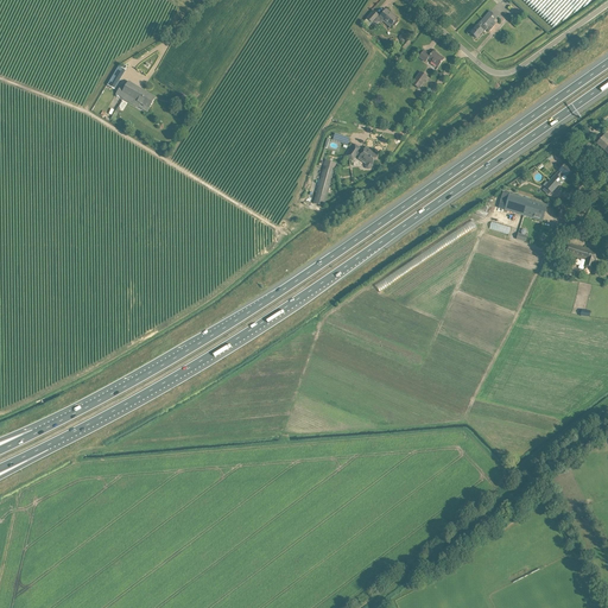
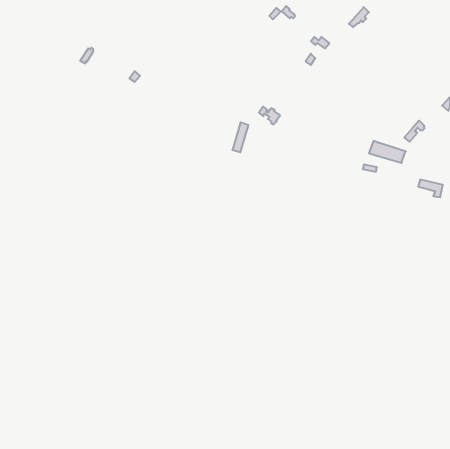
building: [116,81,156,107] -> none

